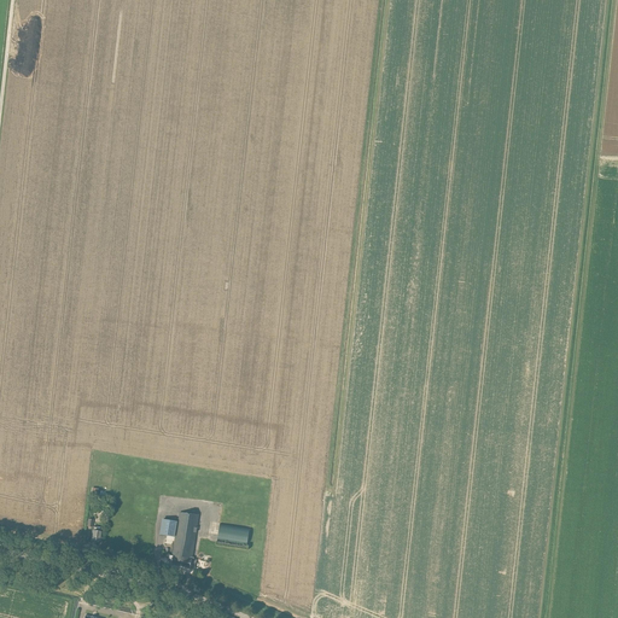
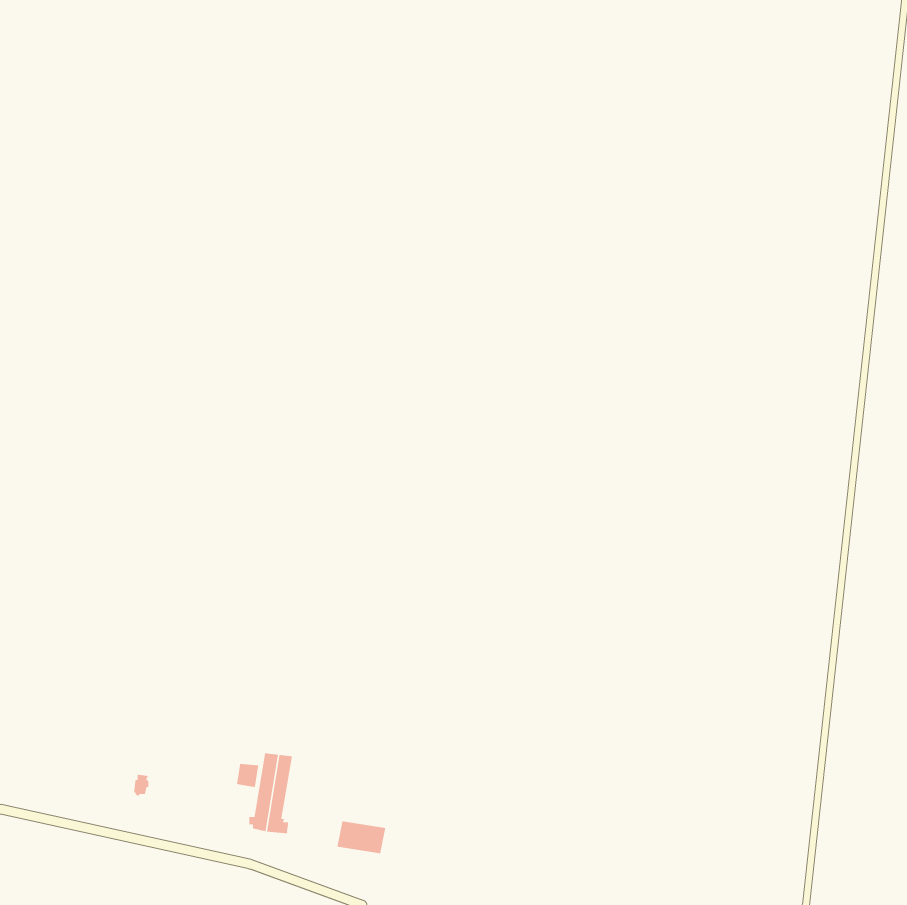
building: [216,523,250,546] -> [337,821,386,854]

